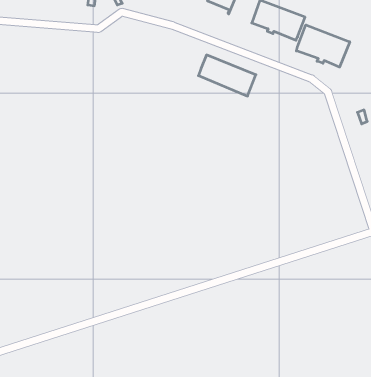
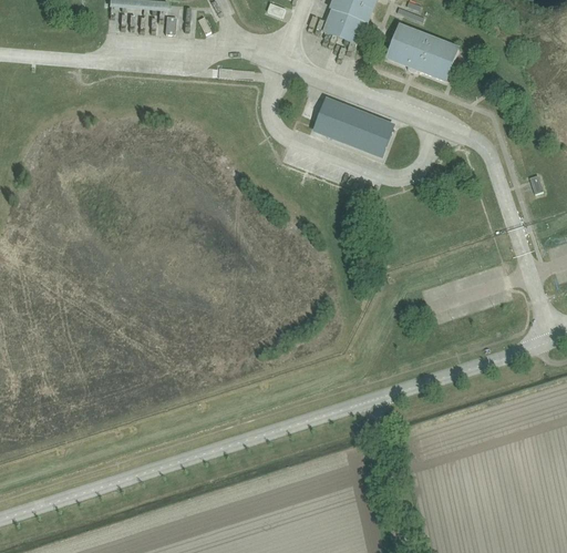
building: [296,25,350,67] -> none

